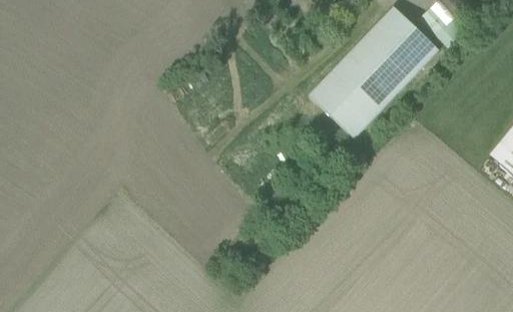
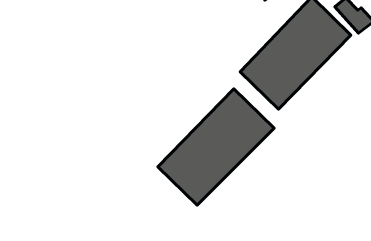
building: none -> [158,89,274,205]

